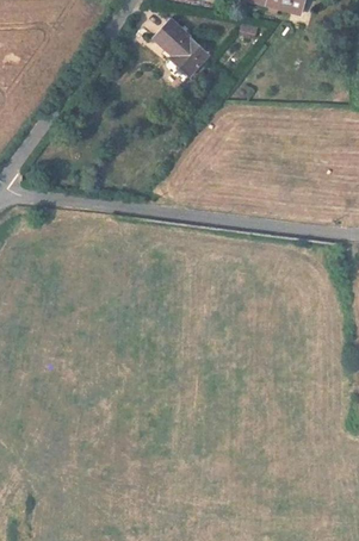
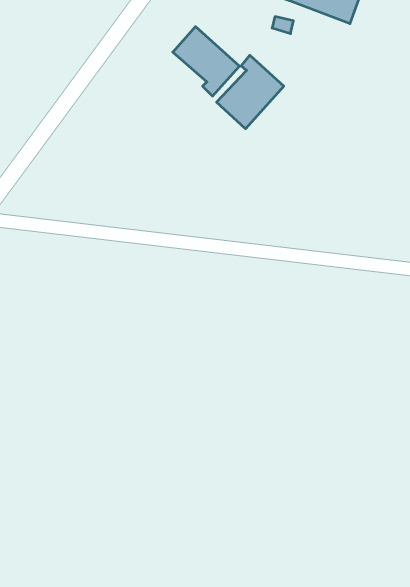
building: none -> [217,55,284,129]

